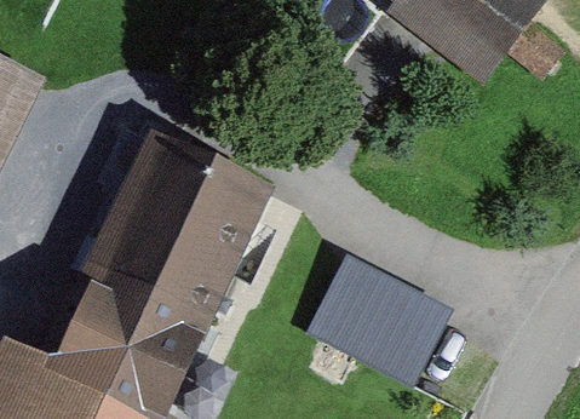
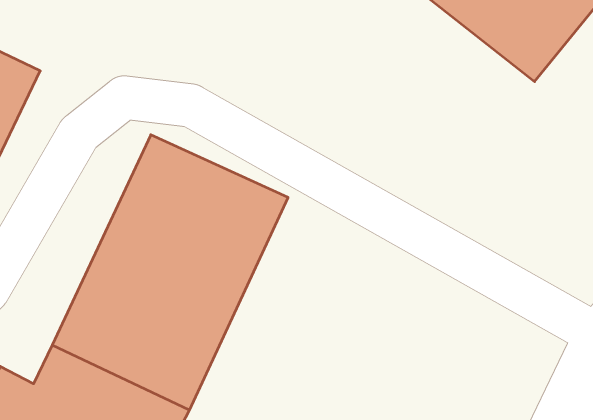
building: [309,251,456,383] -> none

